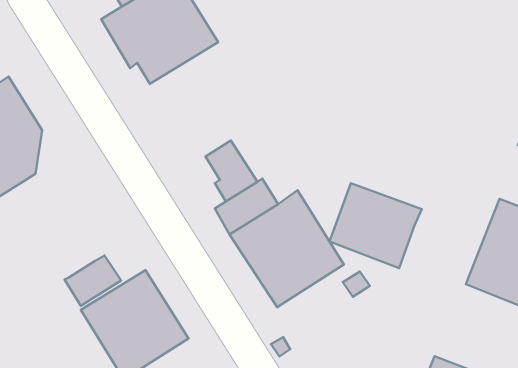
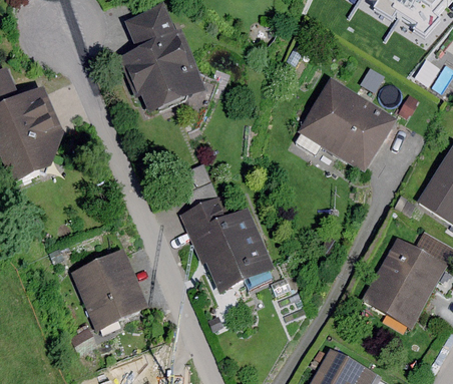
building: none -> [300,80,398,176]
building: [329,183,422,268] -> none
building: [65,255,121,306] -> none

